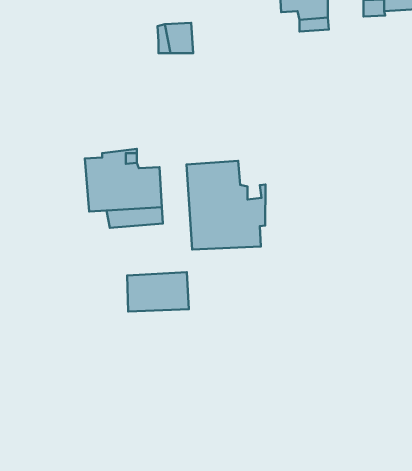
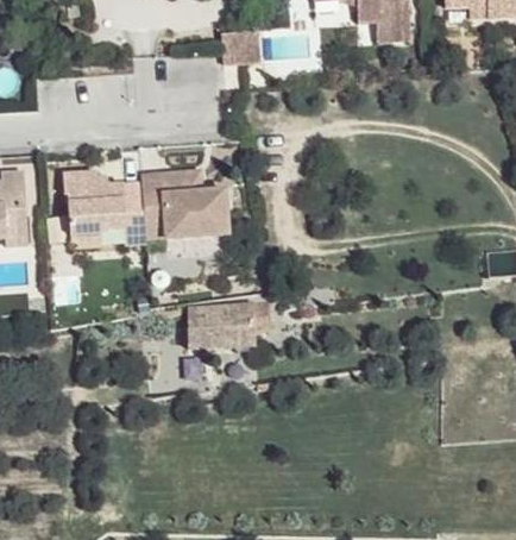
building: none -> [64,165,146,243]
building: [186,161,265,250] -> none

